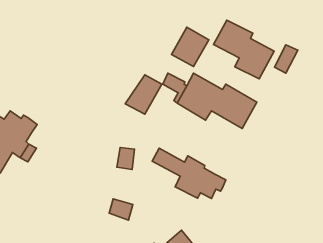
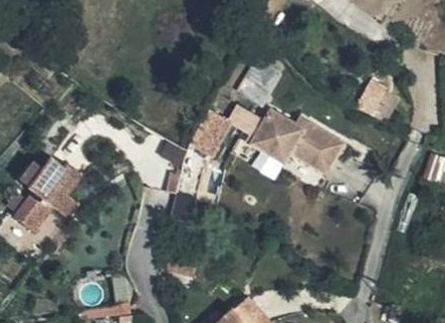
building: [213,20,274,79] -> none
building: [152,148,226,198] -> none

